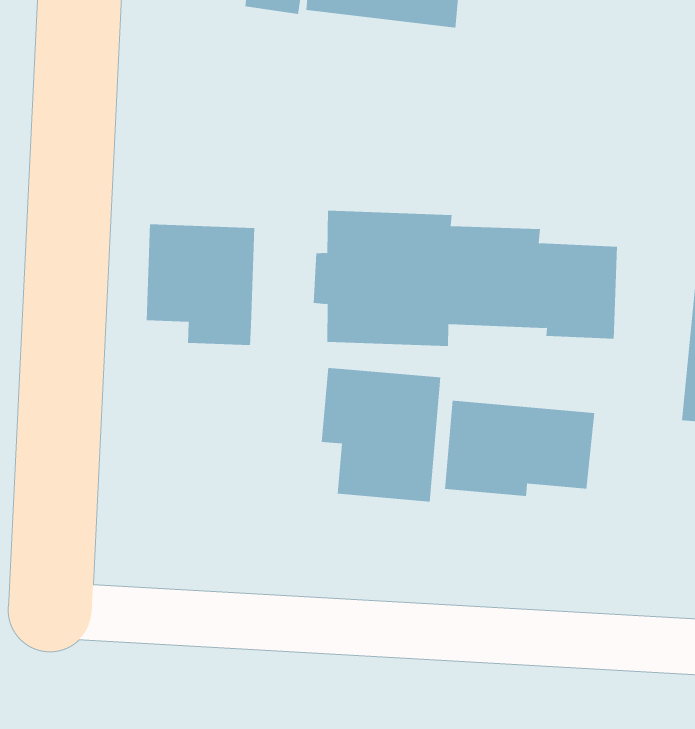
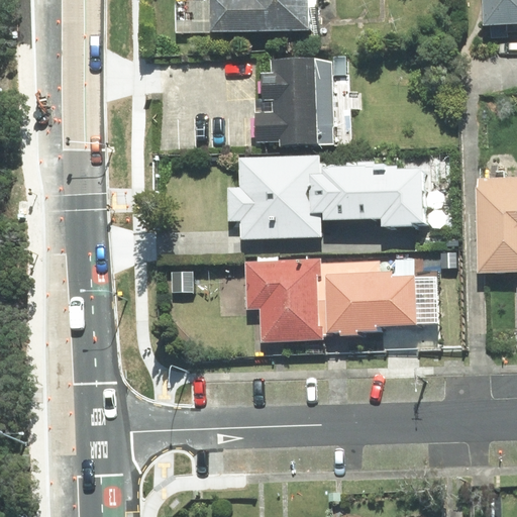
building: none -> [254,59,354,145]
building: [146,223,255,346] -> none

